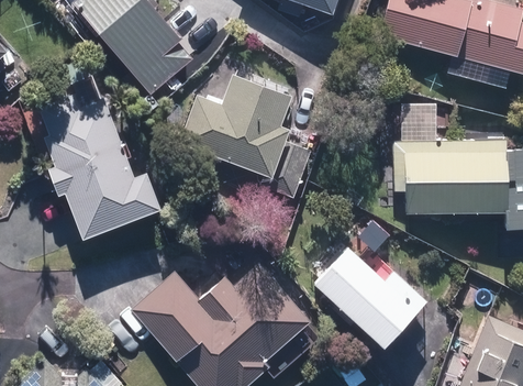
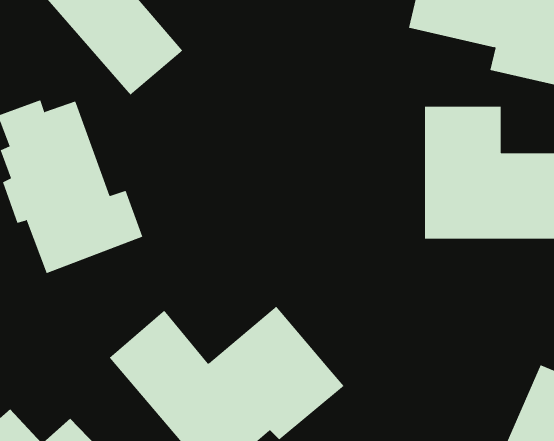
building: [182,69,310,200] -> none
building: [314,247,424,346] -> none

